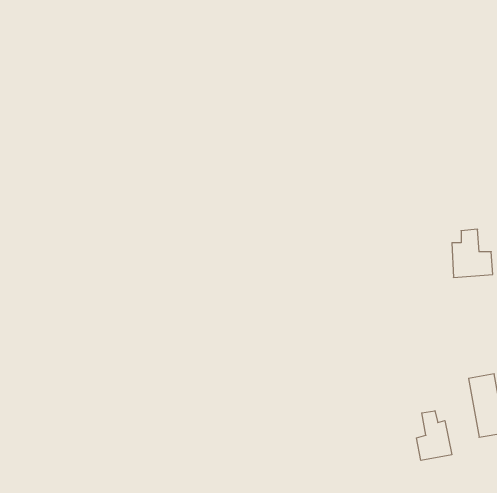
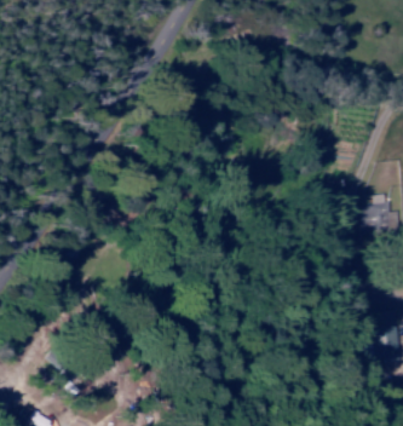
building: [417,411,452,460] -> none

